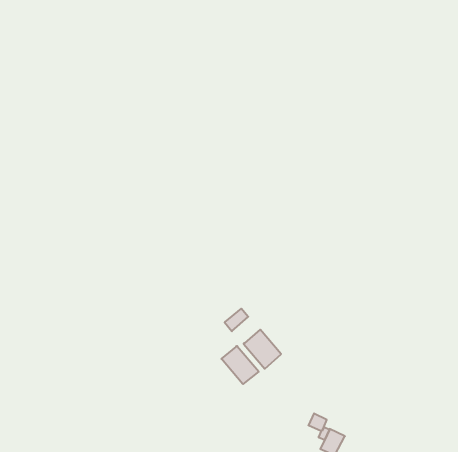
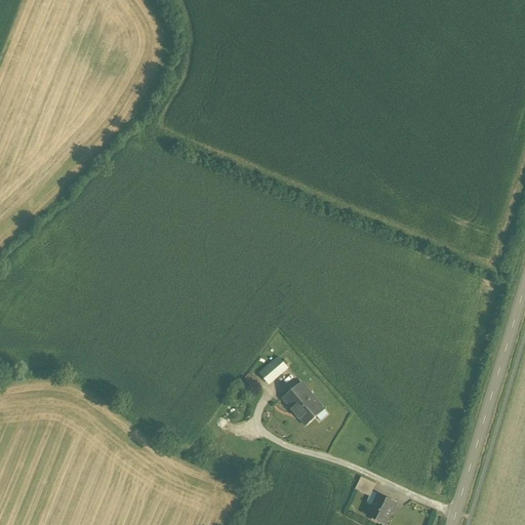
building: [221,346,259,384] -> none

